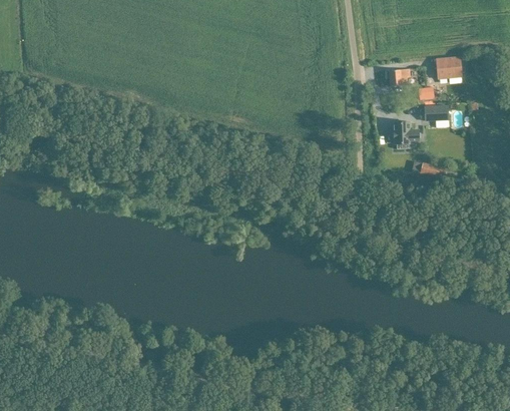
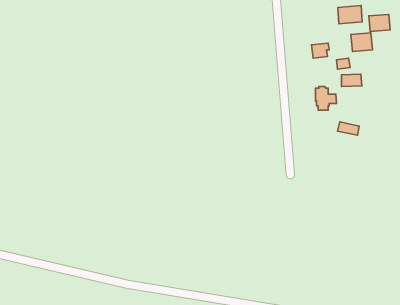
building: none -> [338,6,362,24]
building: none -> [369,15,390,31]

